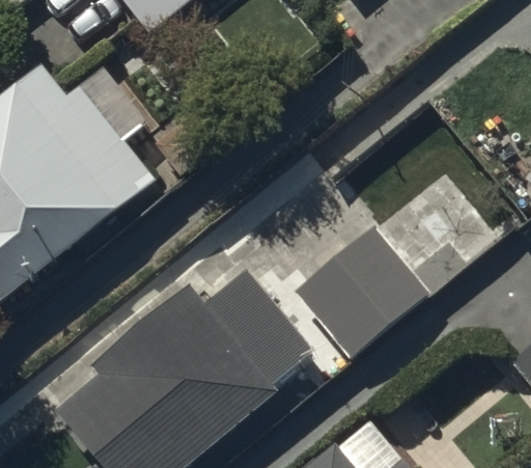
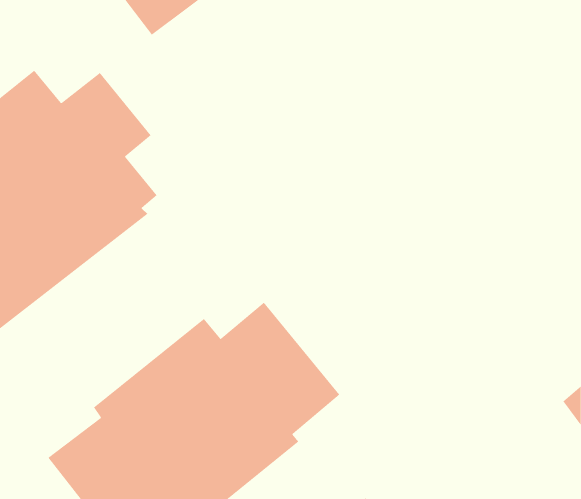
building: [292,224,468,356] -> none

